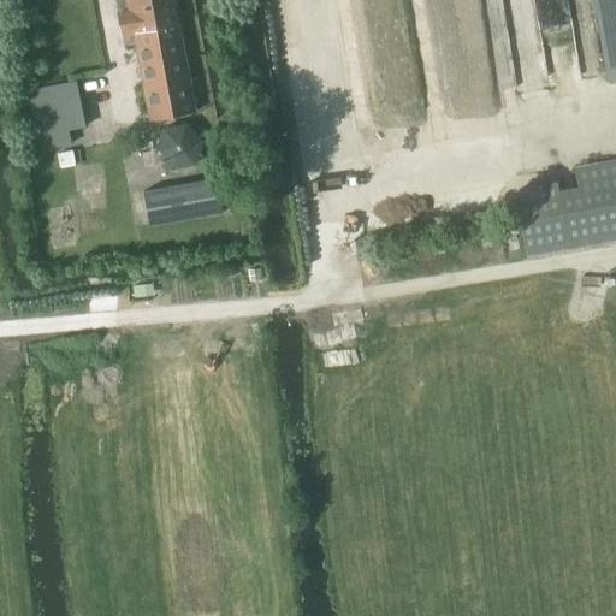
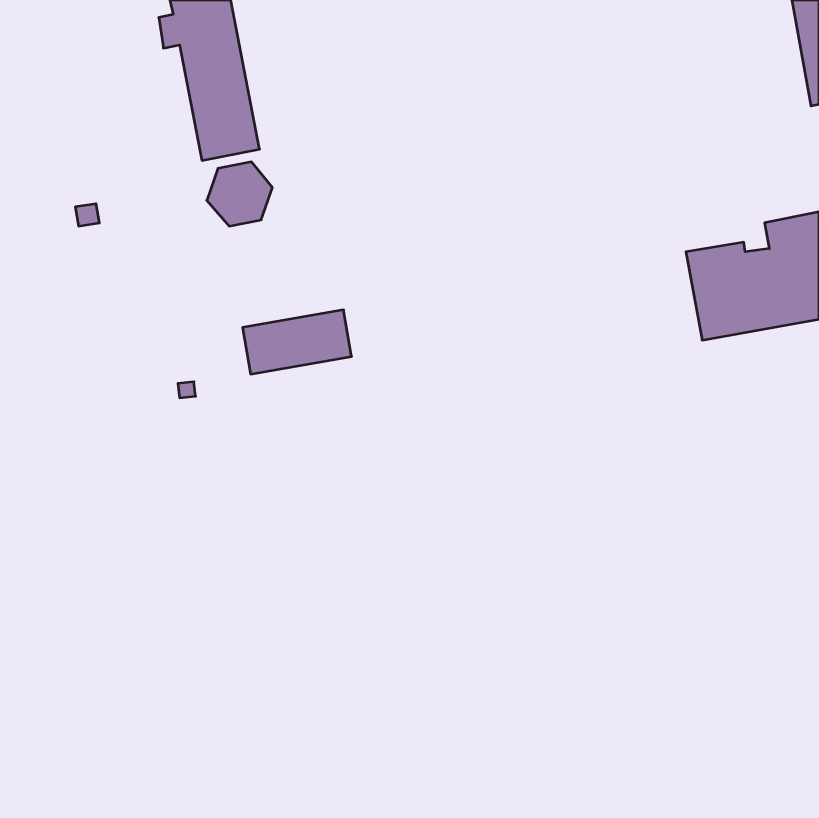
building: [28,82,85,150] -> none
building: [143,178,225,226] -> [243,310,352,374]

